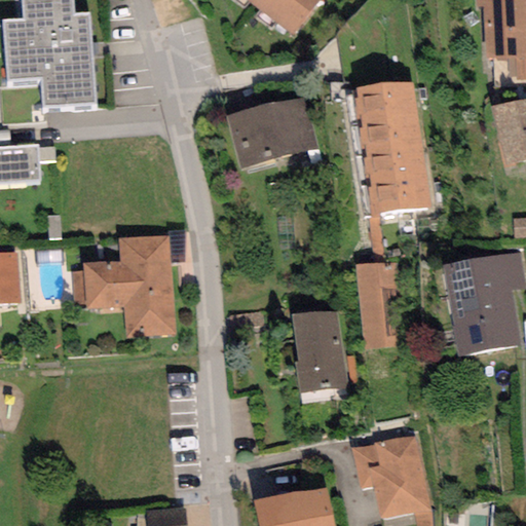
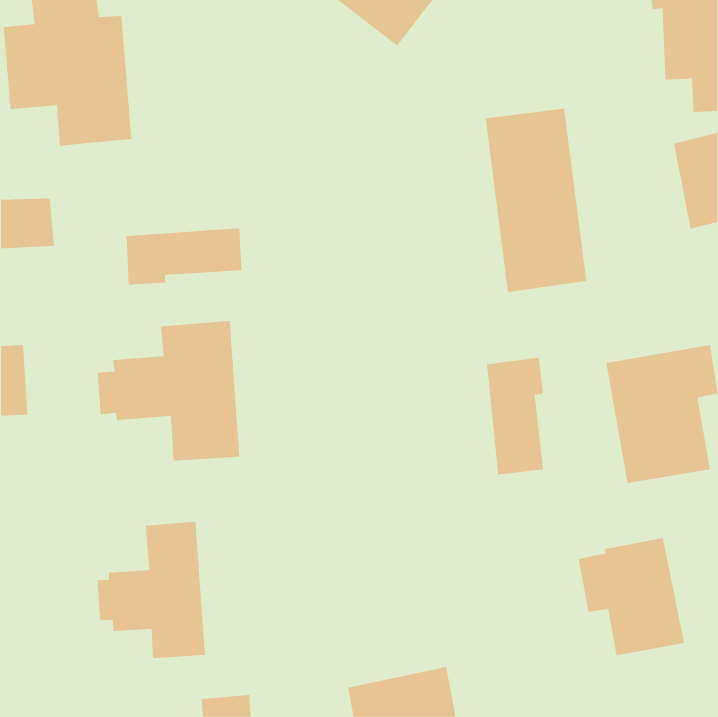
building: [227,95,317,167] -> none
building: none -> [126,227,242,286]
building: [291,310,347,393] -> none
building: none -> [97,521,206,659]
building: [352,433,430,519] -> [578,538,685,656]

